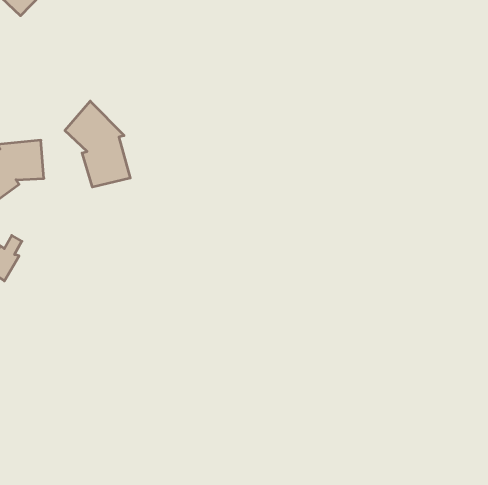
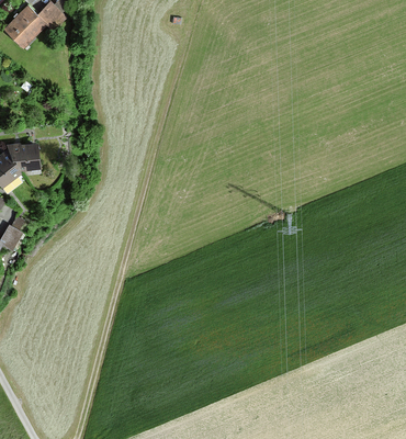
building: [65,101,130,187] -> none

